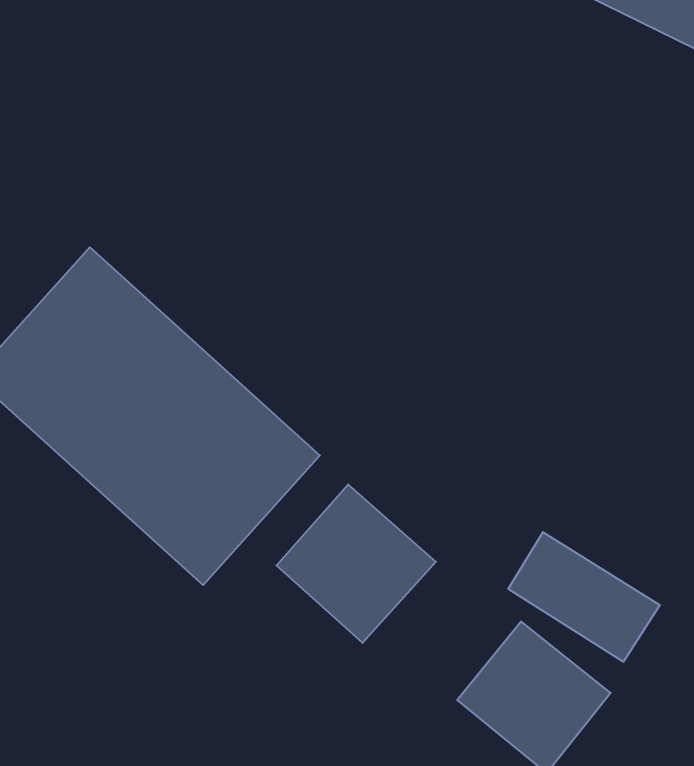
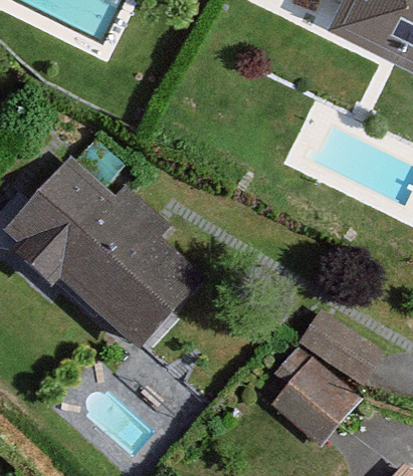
building: [276,484,436,643] -> none

